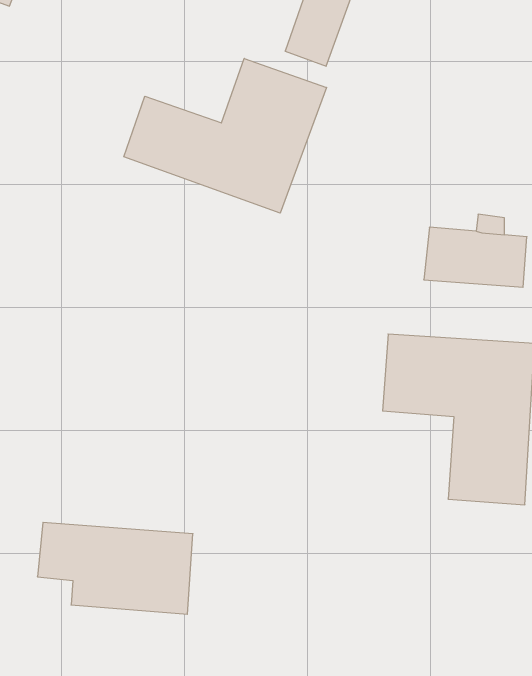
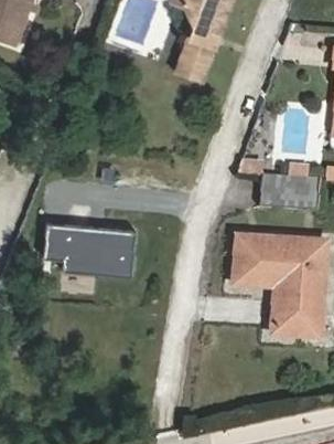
building: [124,58,327,213] -> none
building: [37,522,193,614] -> [44,225,136,279]

